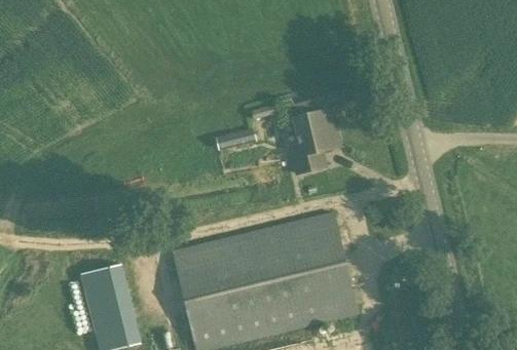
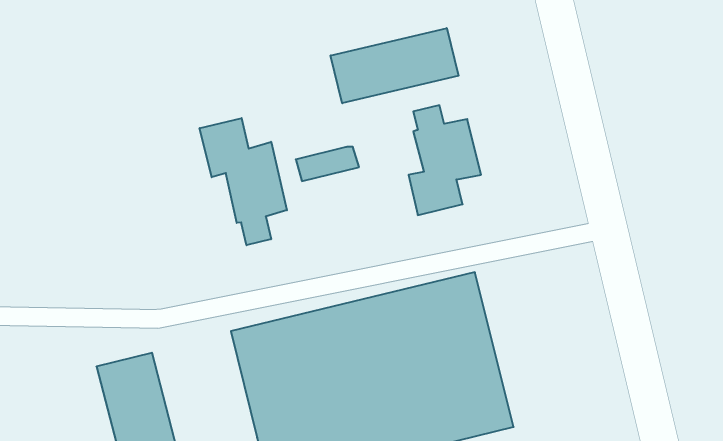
building: none -> [331,28,459,103]
building: none -> [200,118,287,245]

